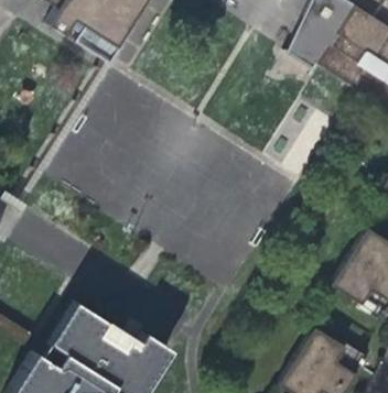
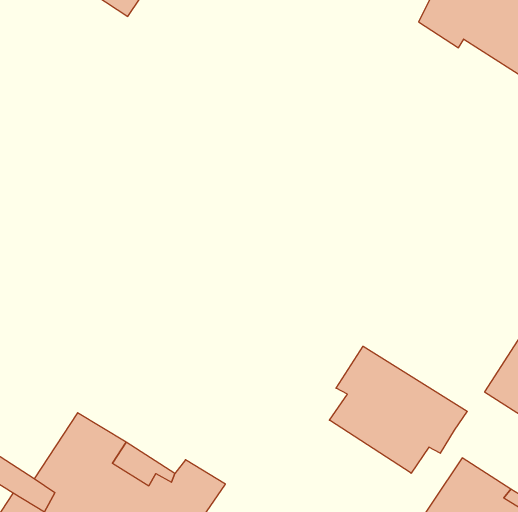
building: none -> [329,346,467,473]

